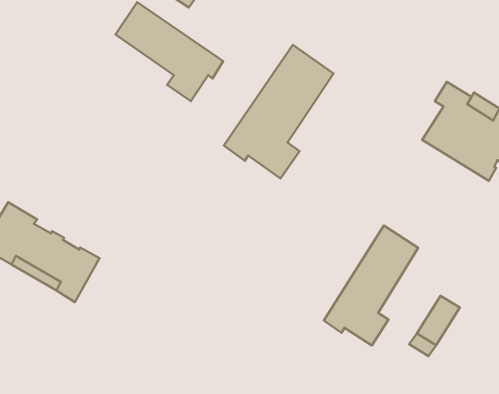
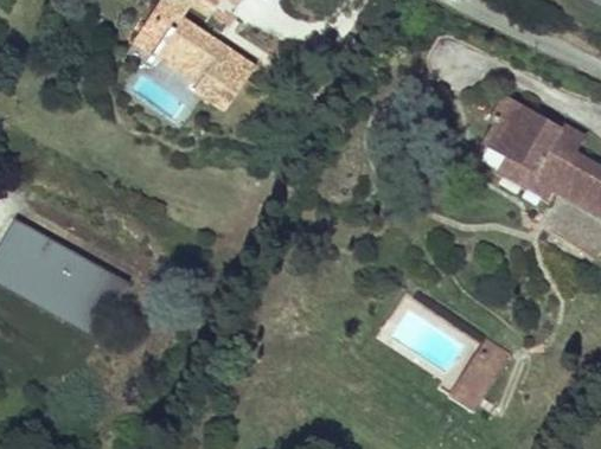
building: [224,45,334,179] -> none
building: [324,225,418,346] -> none

